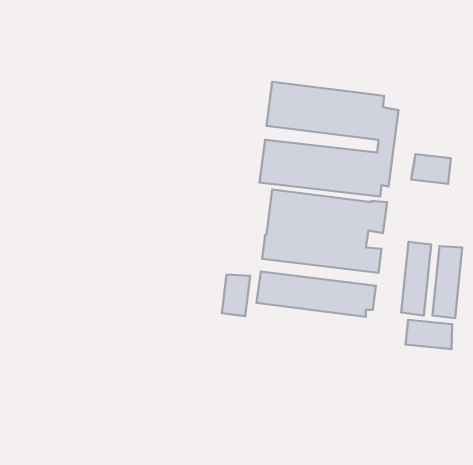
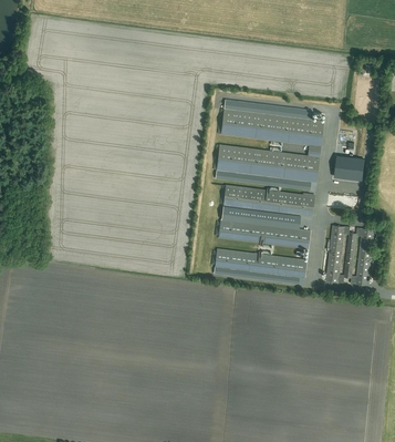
building: [222,274,250,316] -> none
building: [406,320,452,349] -> none

